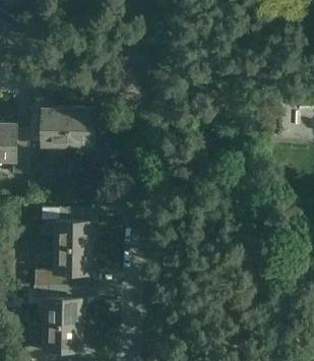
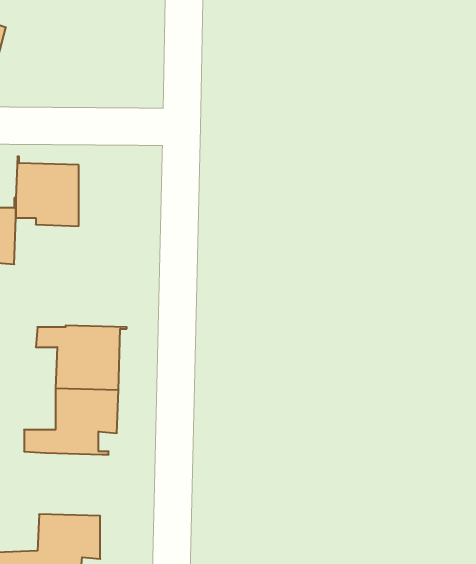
building: [65,110,105,156] -> none
building: [41,287,79,325] -> none

